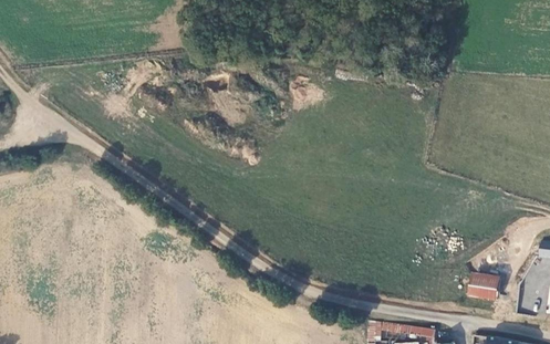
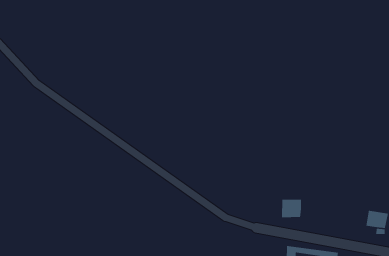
building: none -> [281,199,302,218]

